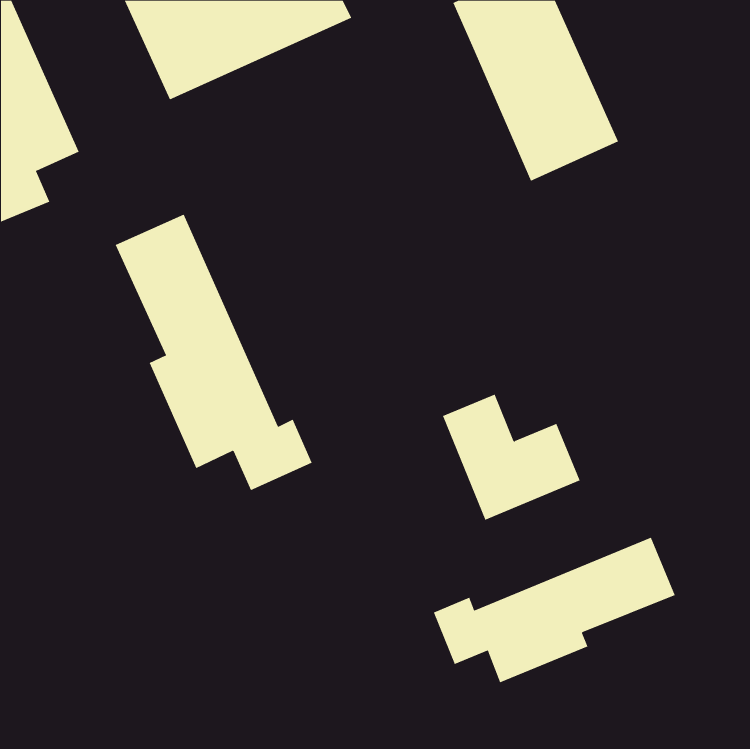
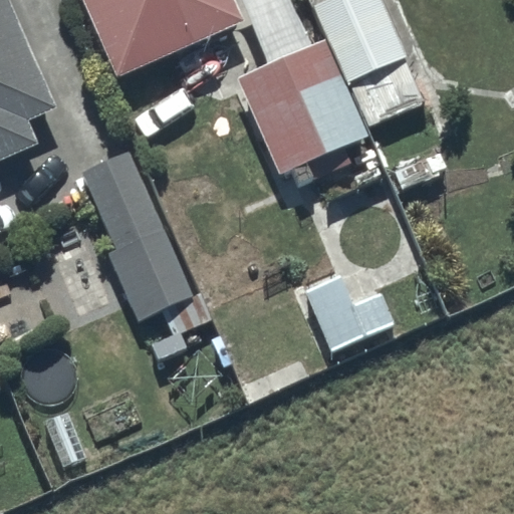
building: none -> [234,34,366,189]
building: [433,537,675,683] -> none

